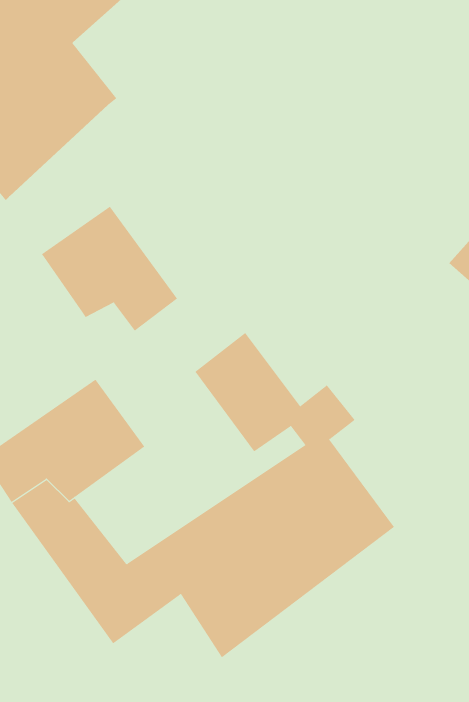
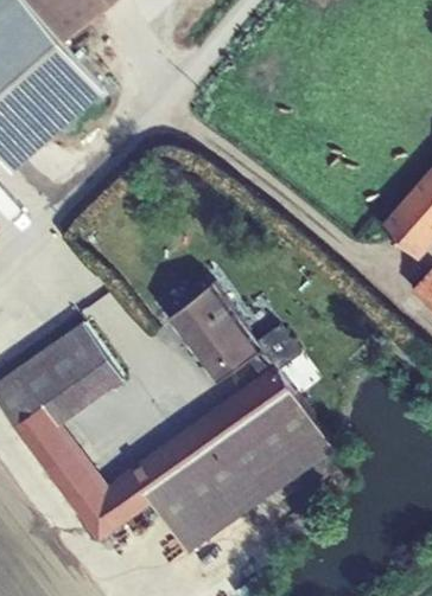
building: [41,206,178,332] -> none

